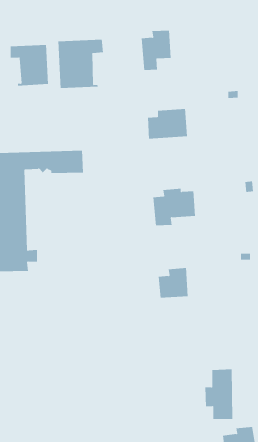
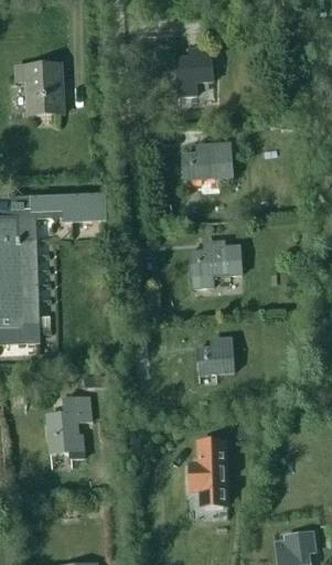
building: [58,39,103,89] -> none
building: none -> [46,398,90,454]
building: [204,369,233,419] -> [192,441,227,503]

